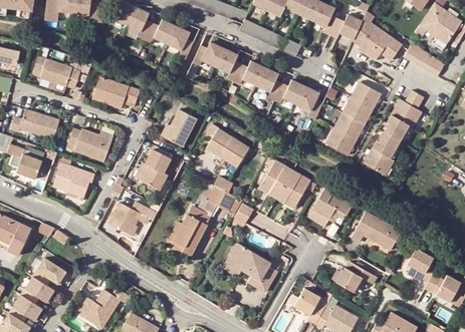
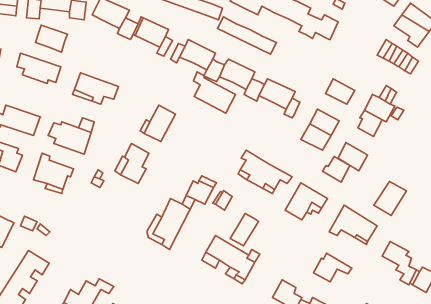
building: [355,11,405,62] -> none
building: none -> [36,25,67,52]
building: [341,97,372,125] -> none
building: [207,126,250,169] -> [193,72,235,113]
building: [371,132,399,158] -> [322,157,350,182]
building: none -> [374,182,406,216]
building: [107,202,140,234] -> none
building: none -> [230,213,259,246]

